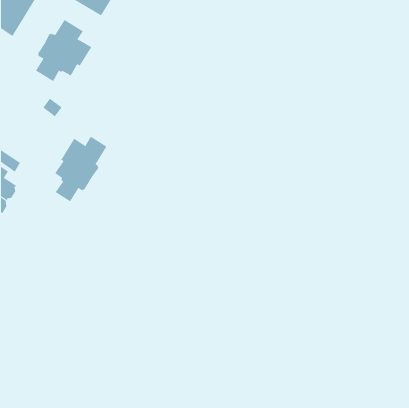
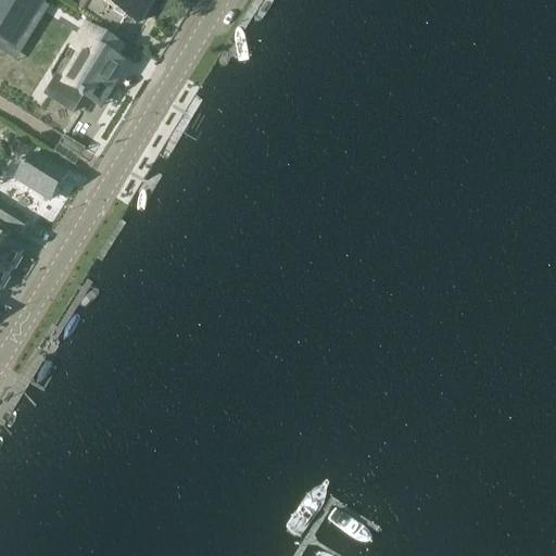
building: none -> [14,152,64,200]
building: [55,133,107,202] -> none

